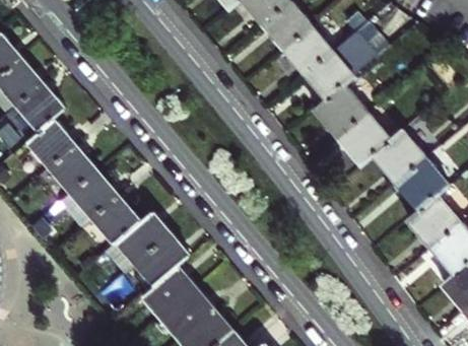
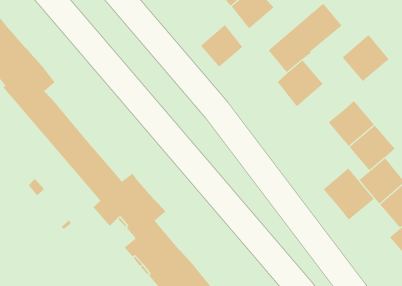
building: [283,25,332,74] -> [200,24,243,67]
building: [337,112,391,165] -> [342,34,389,82]
building: none -> [323,168,374,221]

